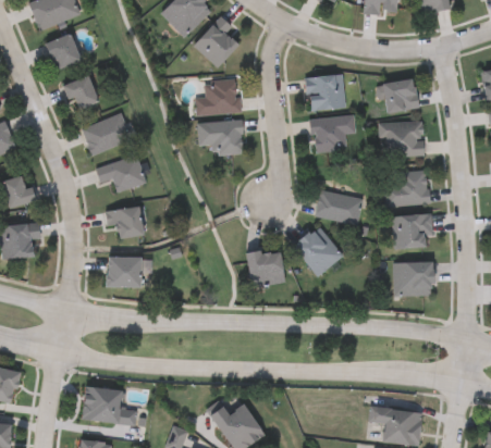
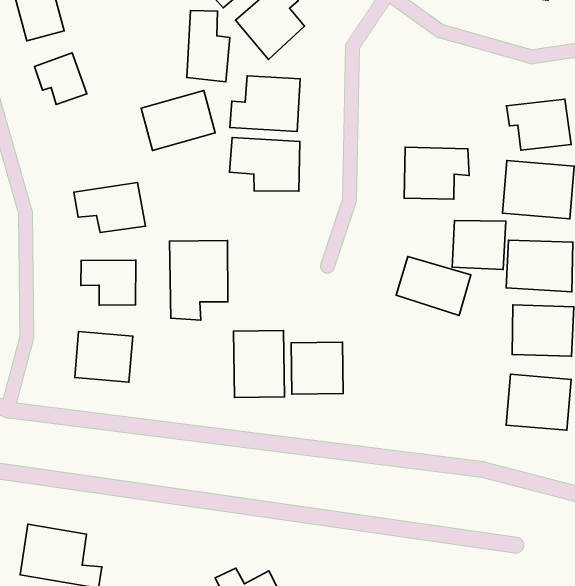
building: none -> [187,11,230,82]
building: [306,74,345,110] -> none
building: [81,112,131,154] -> [141,90,215,151]
building: none -> [452,221,506,270]
building: none -> [170,241,228,320]
building: [294,226,342,276] -> none
building: none -> [234,331,284,398]

